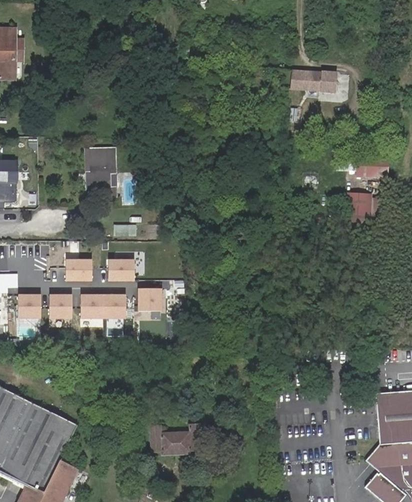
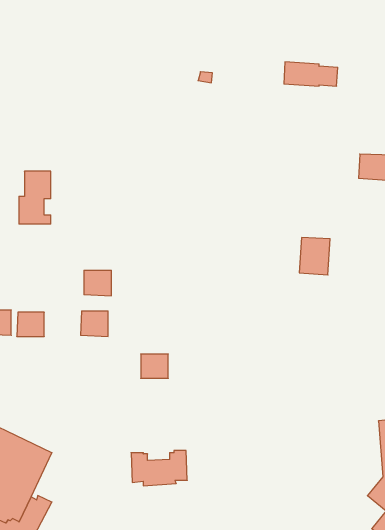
building: [86,146,115,194] -> [19,171,51,224]
building: [344,190,372,224] -> [299,238,330,275]
building: [66,261,91,283] -> none
building: [135,289,160,311] -> [141,354,168,378]
building: [78,296,103,319] -> none

